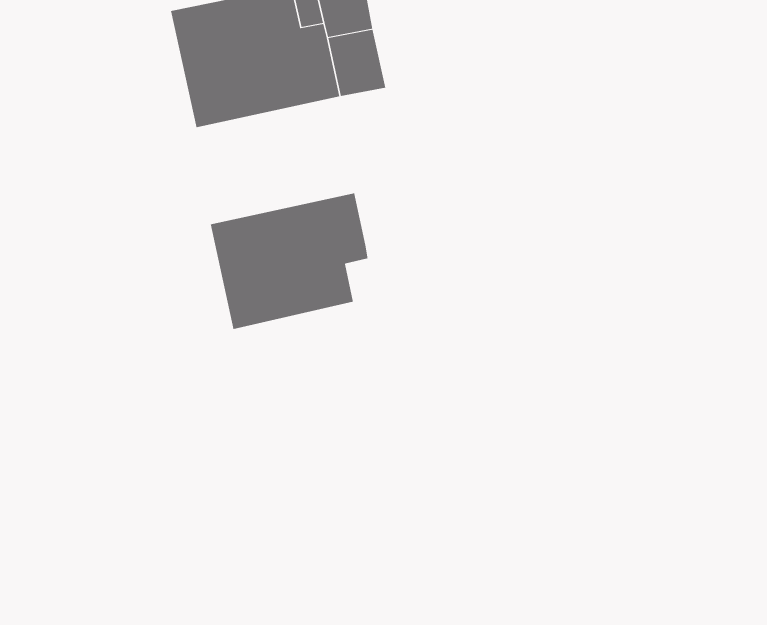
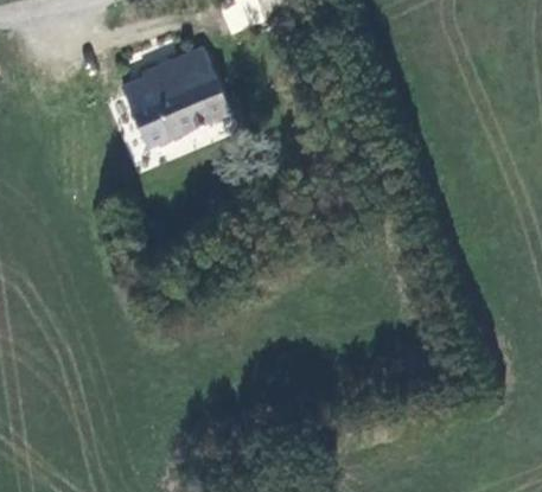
building: [210,192,368,330] -> none

